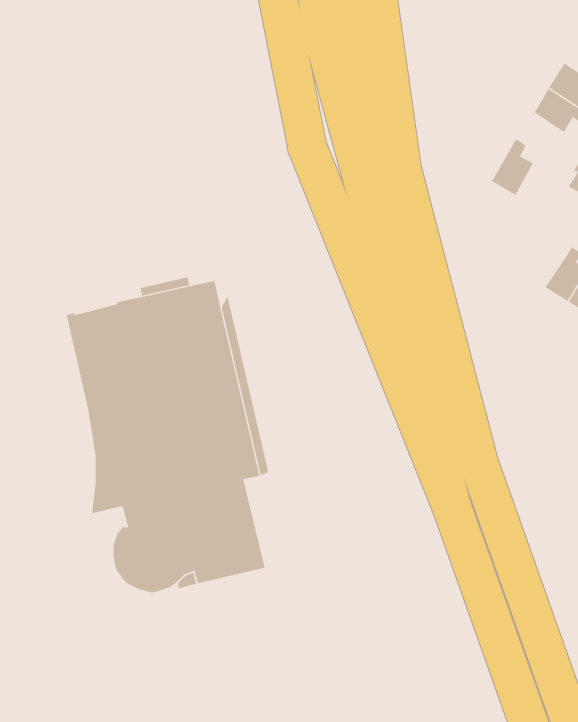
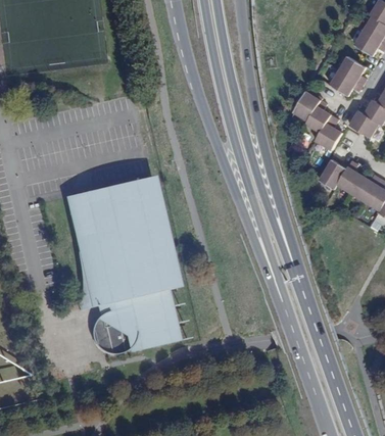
building: none -> [294,89,322,119]
building: none -> [316,112,343,148]
building: none -> [321,157,349,188]

